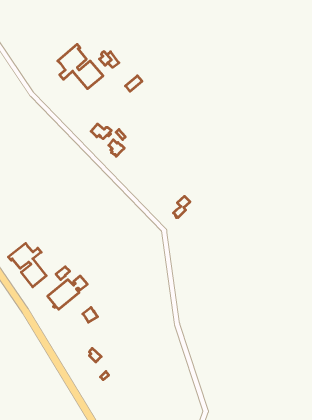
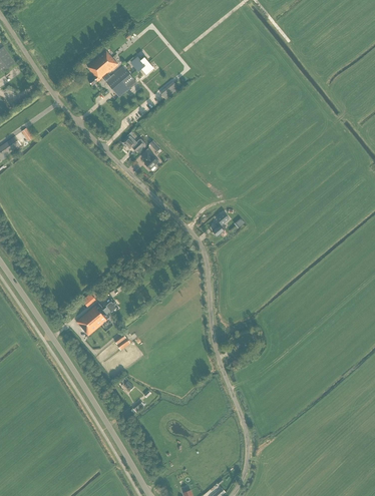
building: [8,243,46,287] -> none

